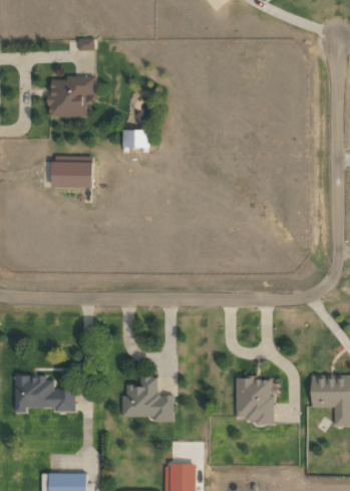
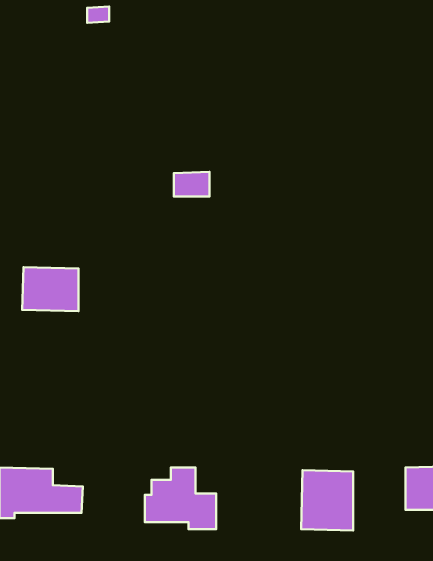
building: [49,77,95,116] -> none
building: [122,129,148,147] -> [174,172,210,197]
building: [51,156,92,188] -> [22,267,78,311]

